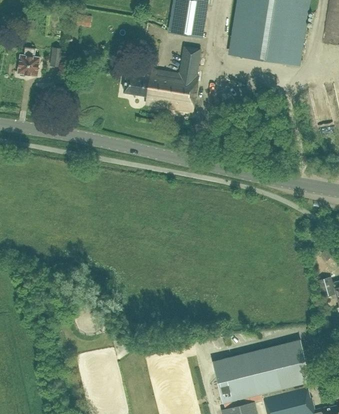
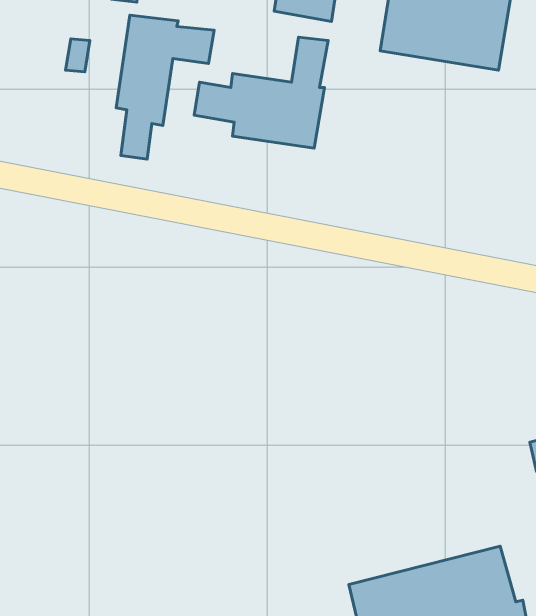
building: none -> [116,15,214,159]
building: [17,46,39,74] -> none

